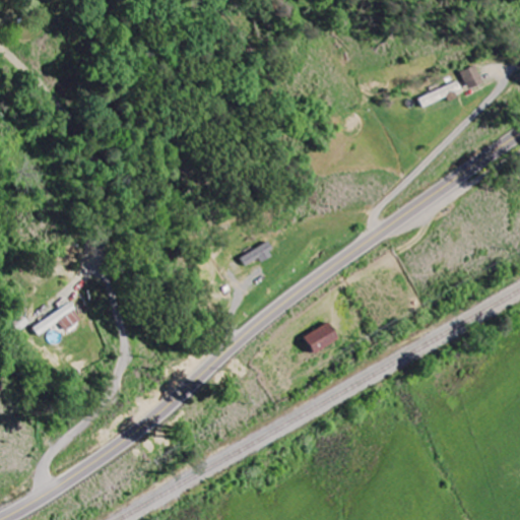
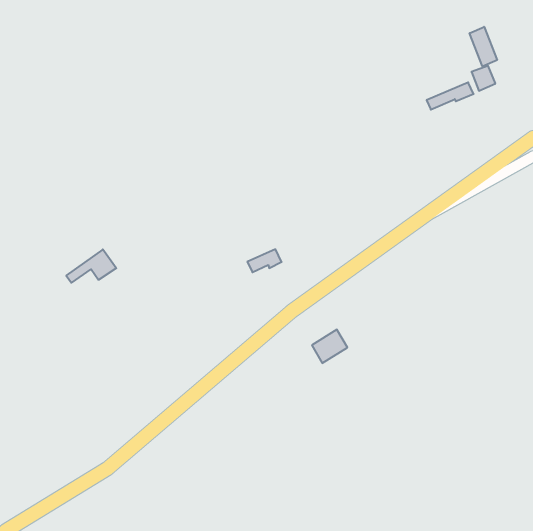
building: none -> [470,27,497,66]
building: [31,302,80,334] -> [66,249,116,283]

